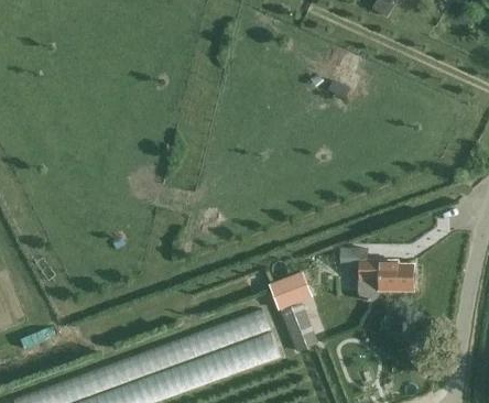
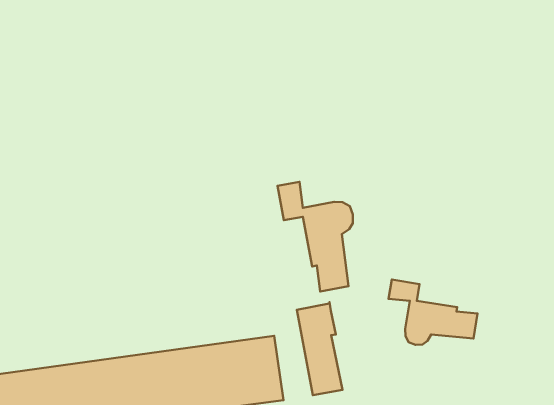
building: none -> [277,182,353,292]

